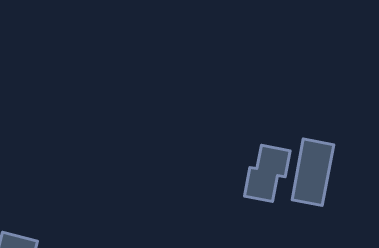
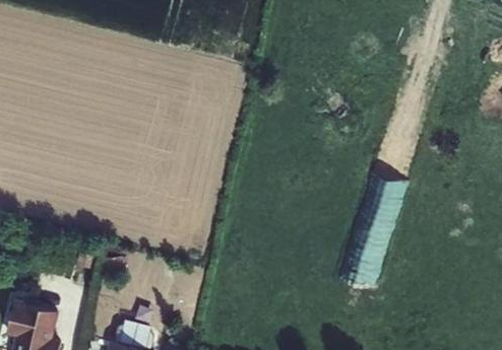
building: [245,145,290,201] -> none

